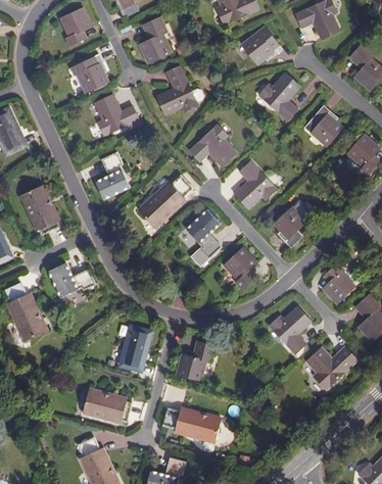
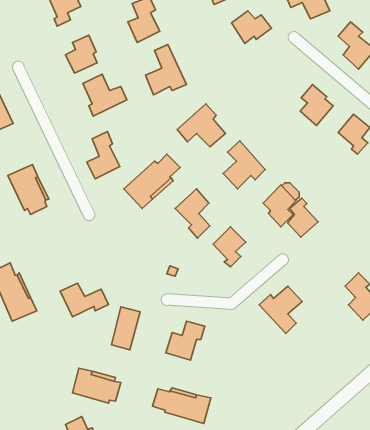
building: [257,71,300,120] -> none
building: [48,262,96,296] -> [60,283,108,317]
building: [324,263,354,302] -> [287,198,318,237]
building: [307,346,357,389] -> none

